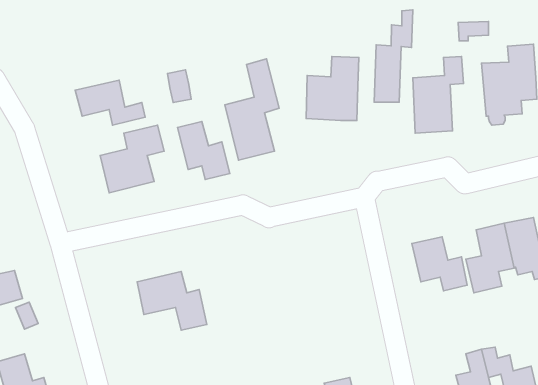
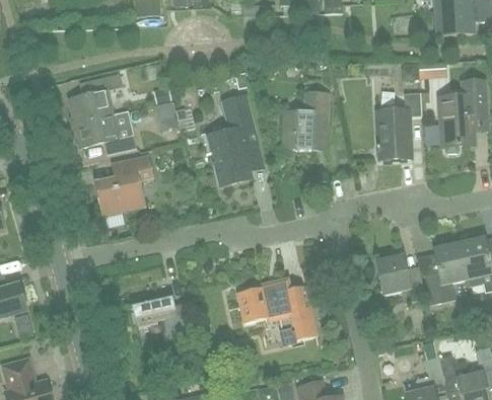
building: [374,10,413,102] -> none
building: none -> [68,72,122,122]
building: [177,122,230,180] -> none
building: none -> [236,281,315,341]

